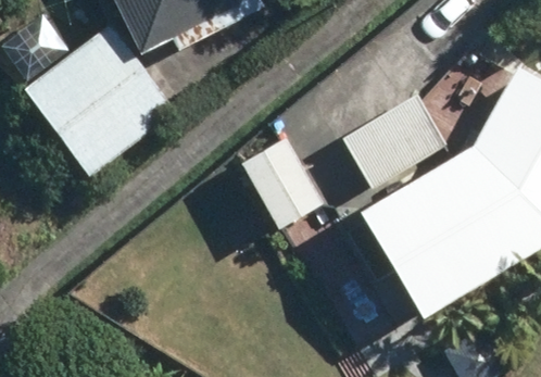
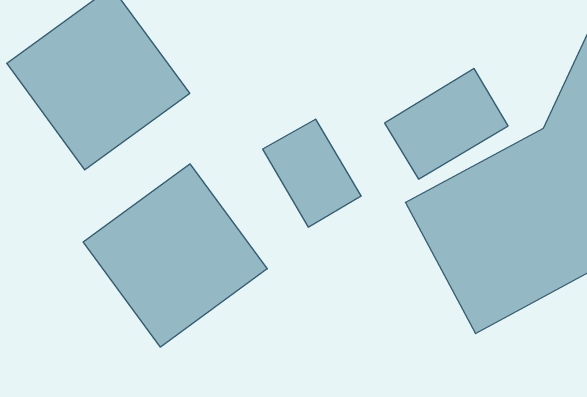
building: none -> [83,164,267,347]

